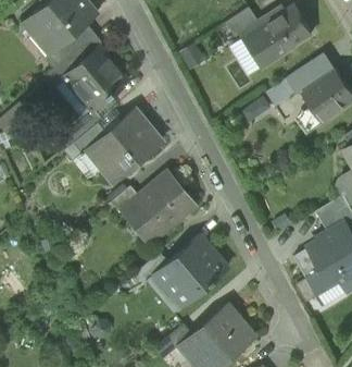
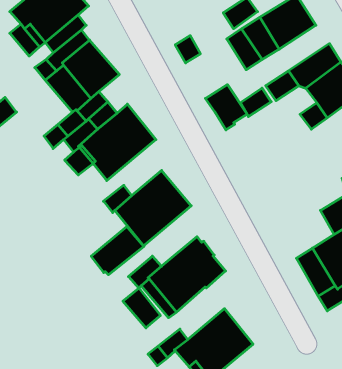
building: none -> [205,85,247,130]
building: none -> [91,226,144,275]
building: none -> [123,288,160,328]

